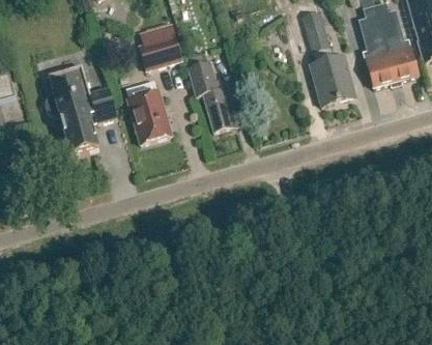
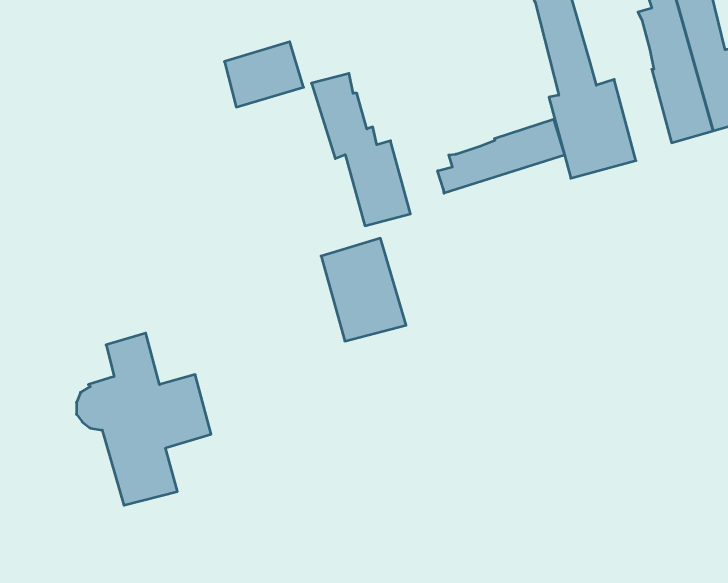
building: [42,62,113,152] -> [76,333,211,505]
building: none -> [438,119,564,193]
building: [126,86,171,140] -> [321,238,406,341]

